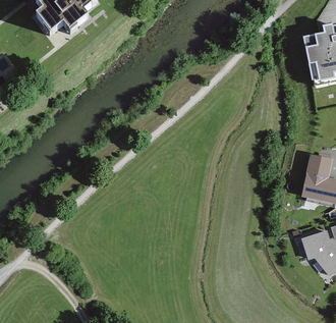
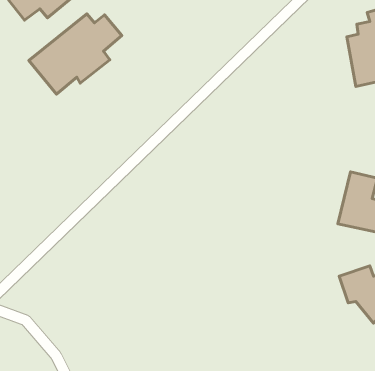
building: none -> [29,14,122,94]

